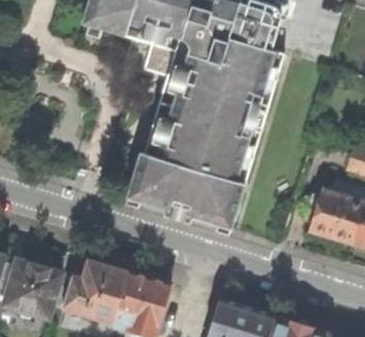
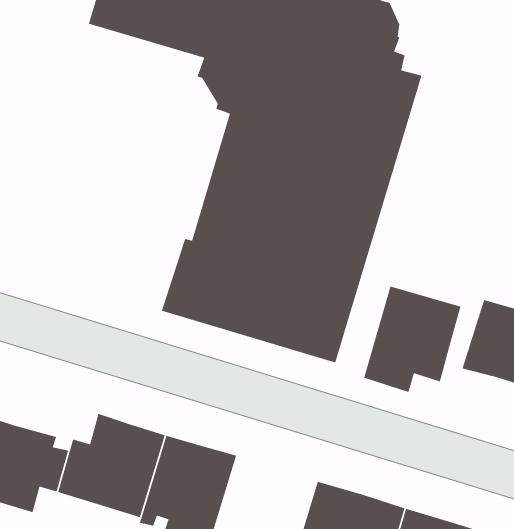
building: none -> [363,285,461,393]

